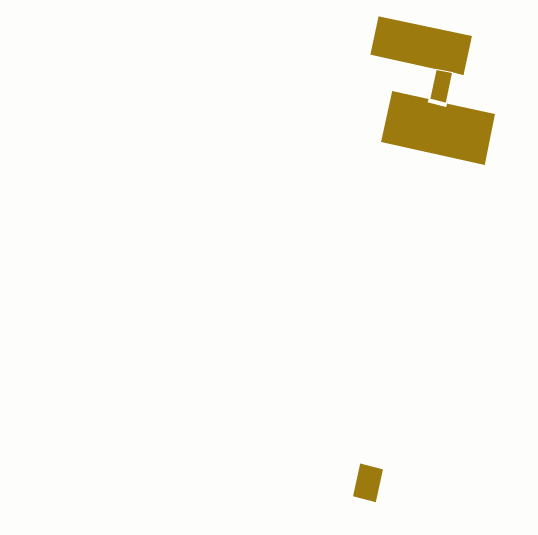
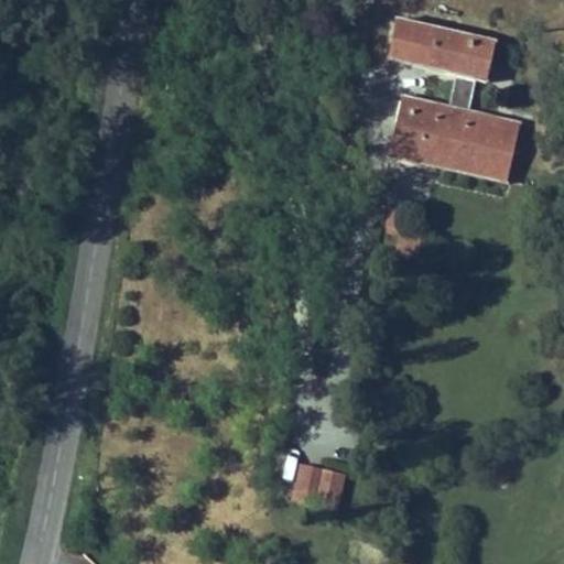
building: none -> [388,93,508,181]
building: [352,463,384,503] -> [311,466,344,508]

